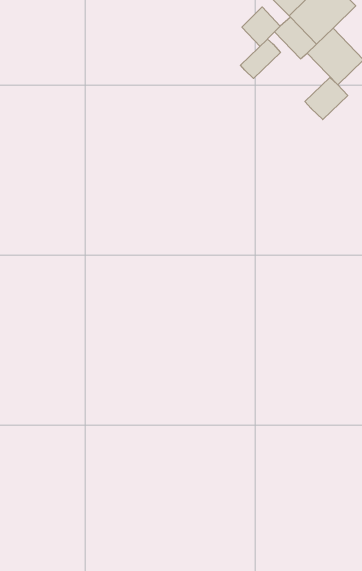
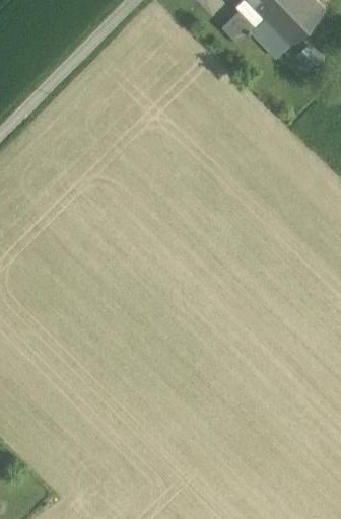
building: [240,39,280,78] -> none
building: [305,77,348,120] -> none

